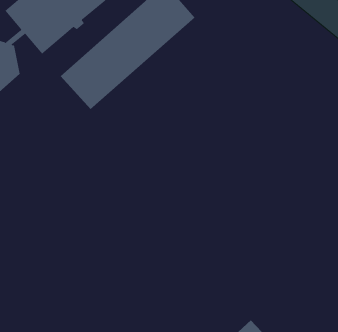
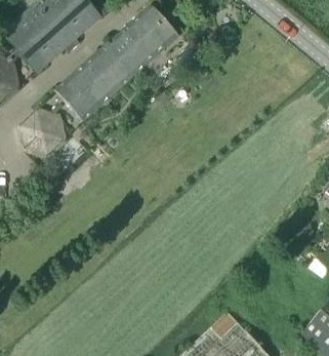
building: none -> [17,106,68,159]

